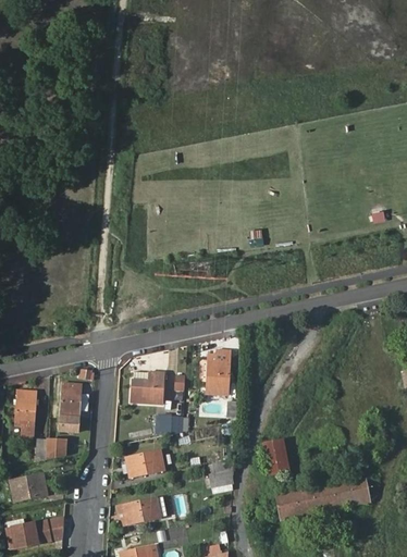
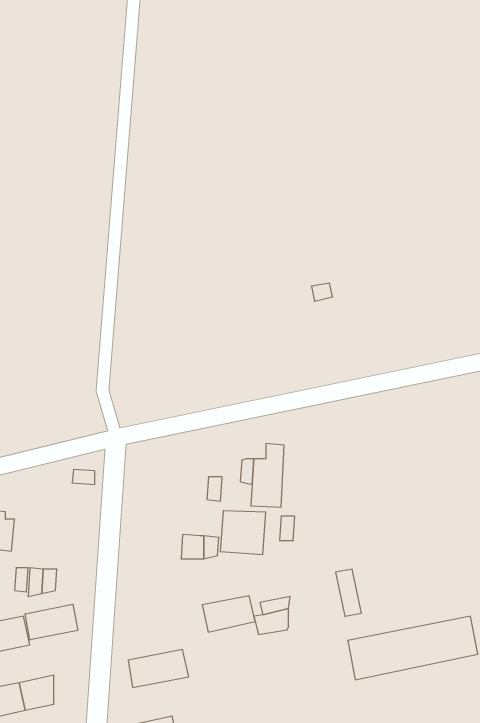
building: [132,372,164,404] -> [220,511,266,555]
building: [61,382,82,418] -> none
building: [126,451,164,478] -> [202,596,255,632]
building: none -> [25,604,78,640]

